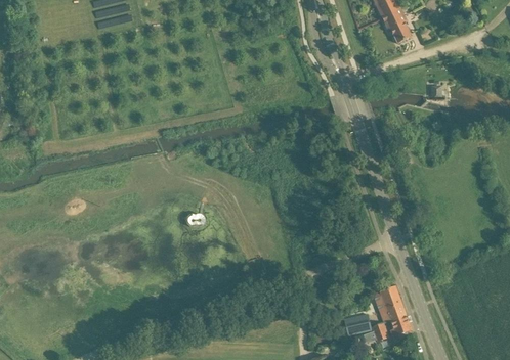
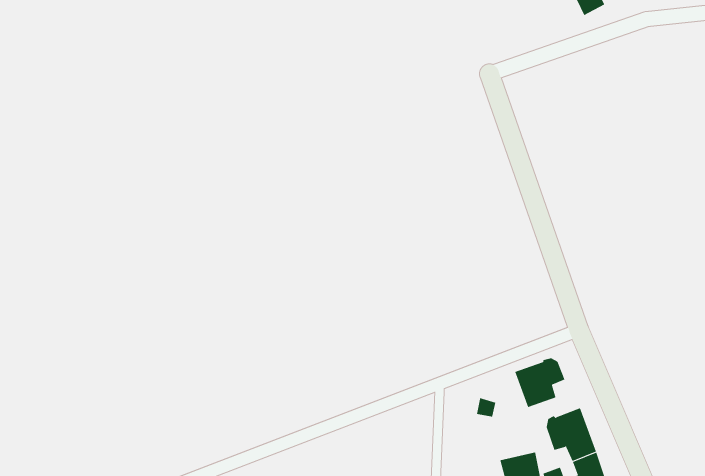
building: none -> [514,357,565,408]

